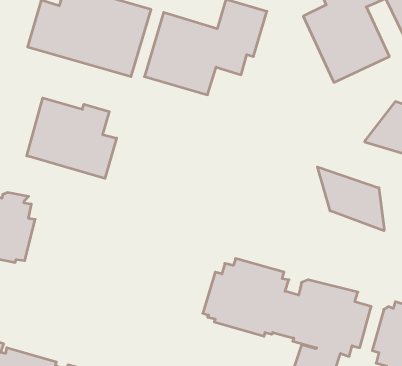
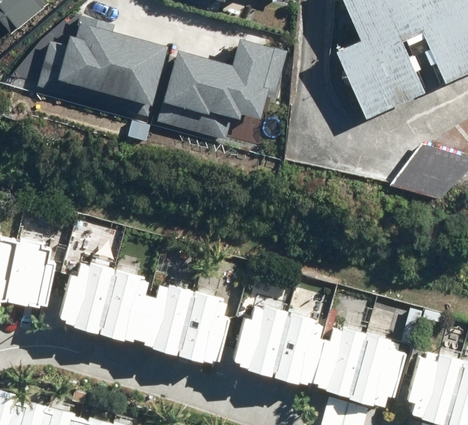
building: [27,98,117,178] -> none
building: [317,167,384,231] -> none
building: none -> [53,261,227,364]

